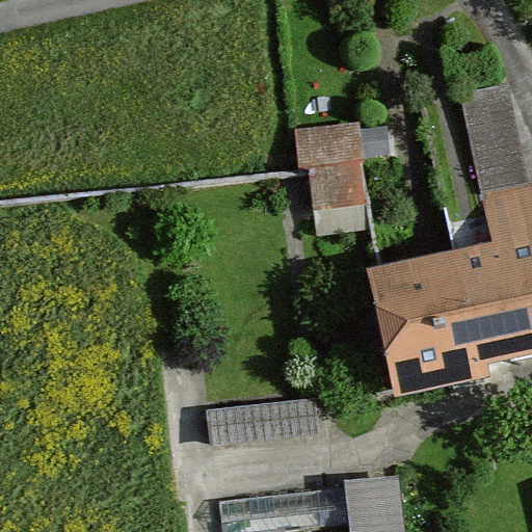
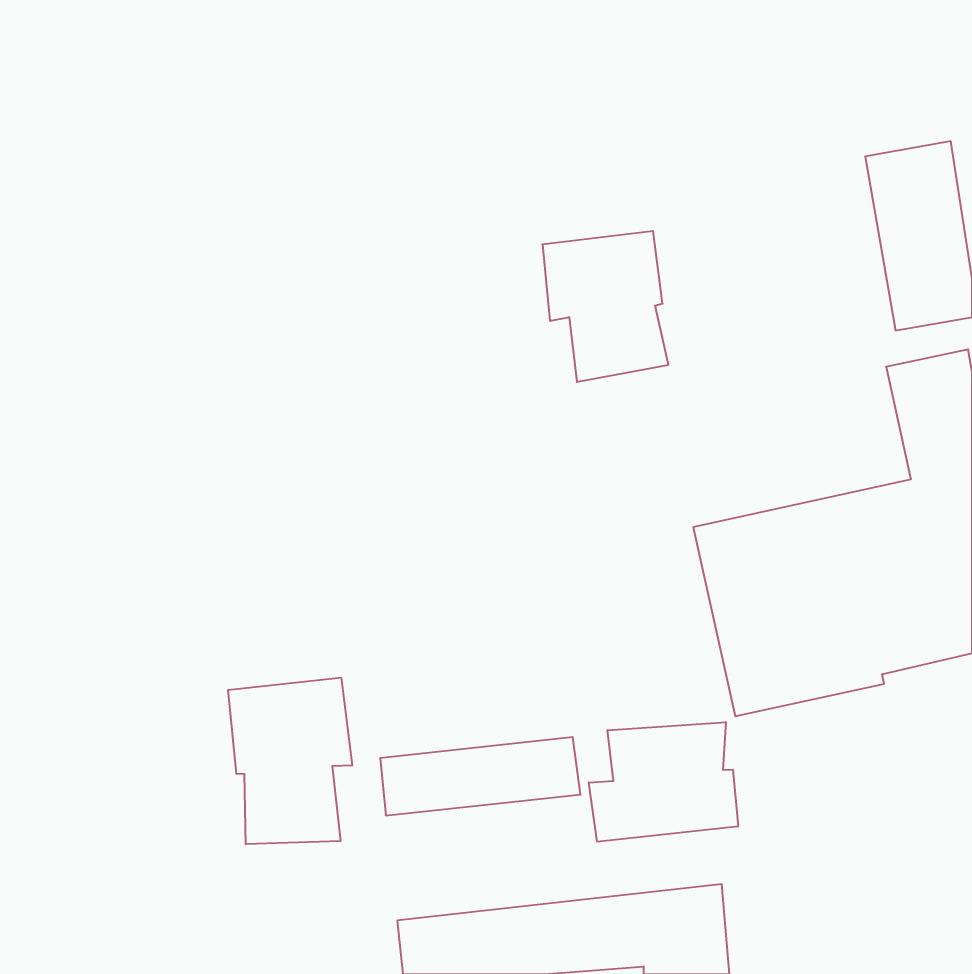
building: none -> [228,678,352,844]
building: none -> [589,722,738,842]

